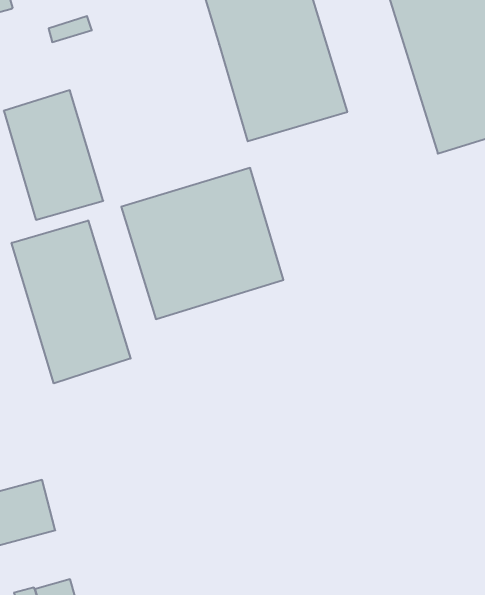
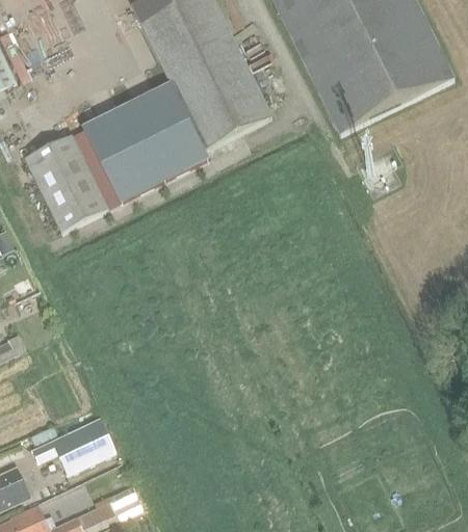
building: [121,168,283,319] -> [81,82,206,202]
building: [12,220,131,383] -> none

